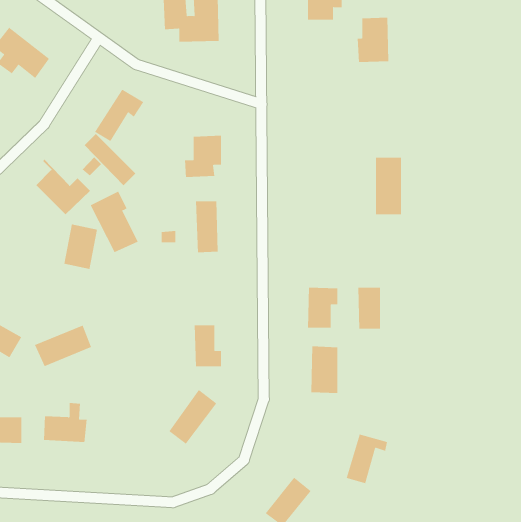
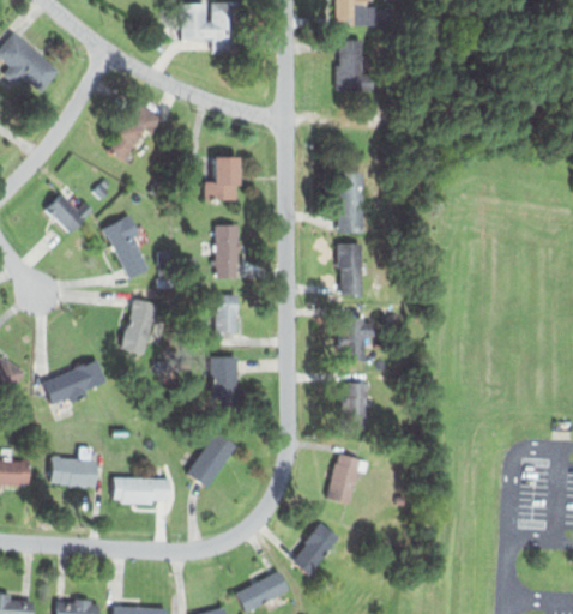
building: [357,17,389,63] -> [334,40,369,89]
building: [84,133,136,186] -> none
building: [375,157,402,215] -> [334,171,363,234]
building: [63,224,98,269] -> [120,305,157,354]
building: none -> [211,294,237,337]
building: [357,287,381,329] -> [336,247,361,293]
building: none -> [115,475,171,505]
building: [346,434,388,484] -> [324,453,369,507]

